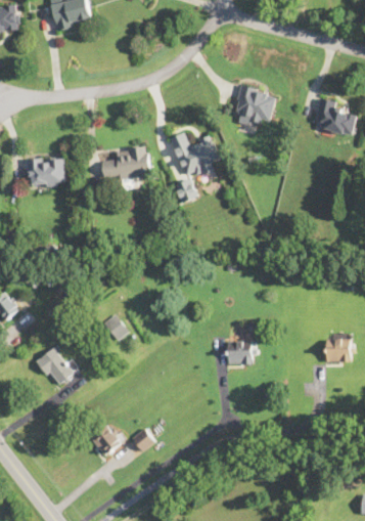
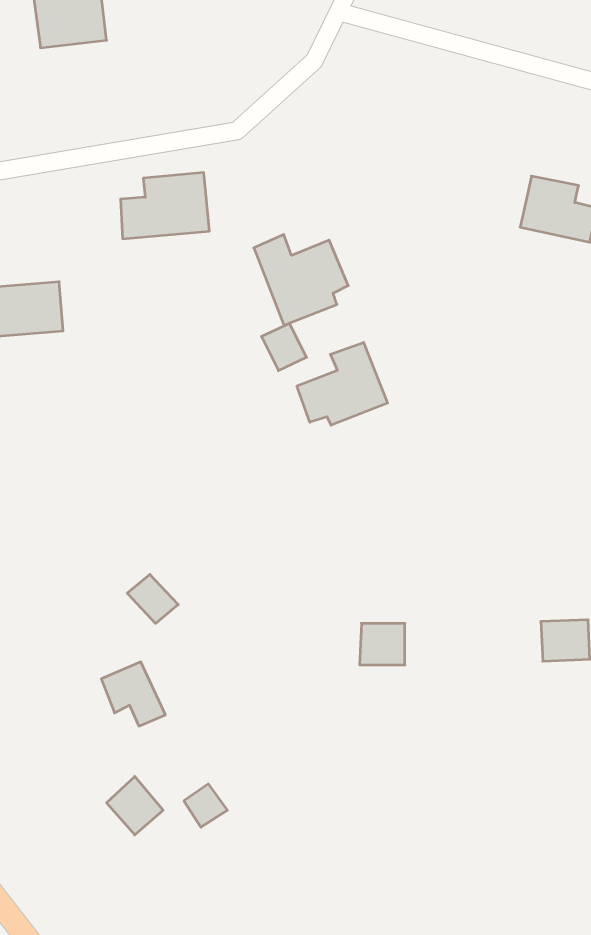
building: [232,85,276,127] -> none
building: [102,146,150,182] -> [121,173,209,239]
building: none -> [297,342,388,425]
building: [37,349,72,384] -> [101,662,165,726]

